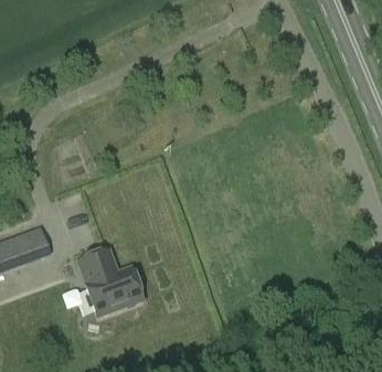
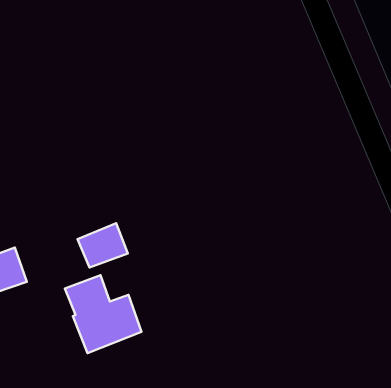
building: none -> [78,223,128,268]

